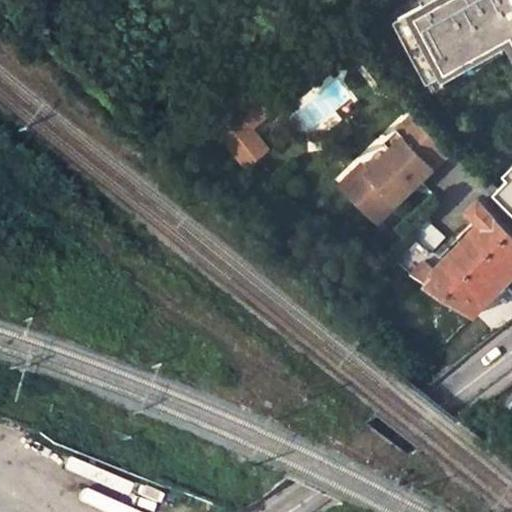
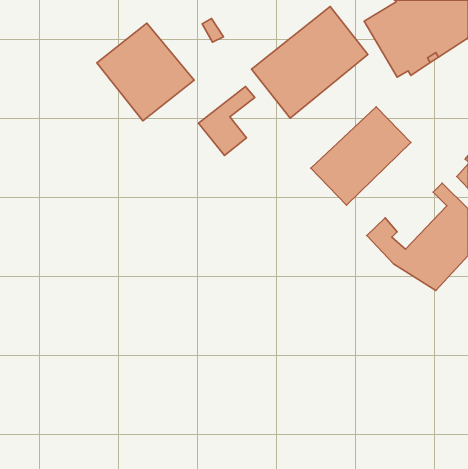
building: none -> [251,7,368,118]
building: none -> [97,23,194,121]

